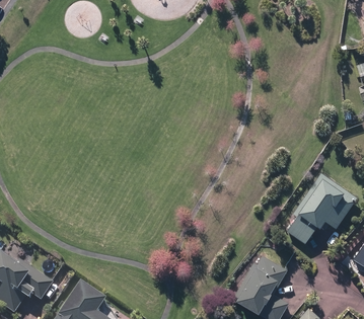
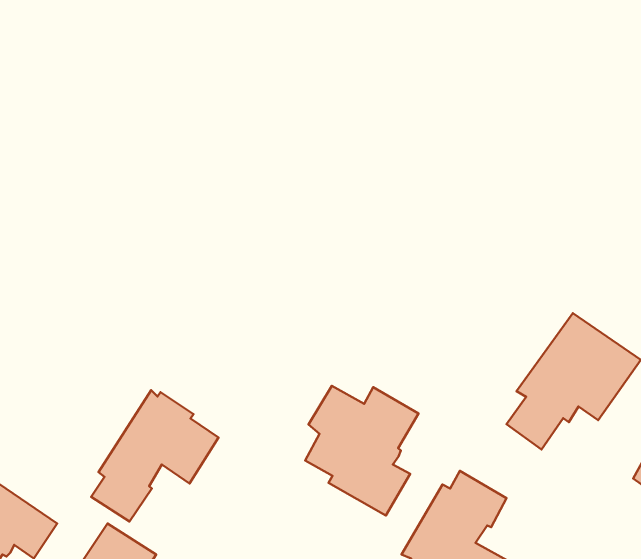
building: none -> [305,386,418,516]
building: none -> [91,390,219,521]

